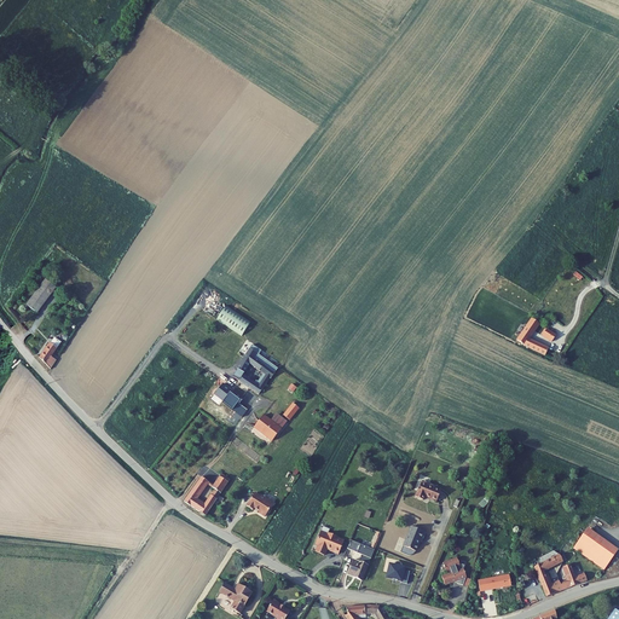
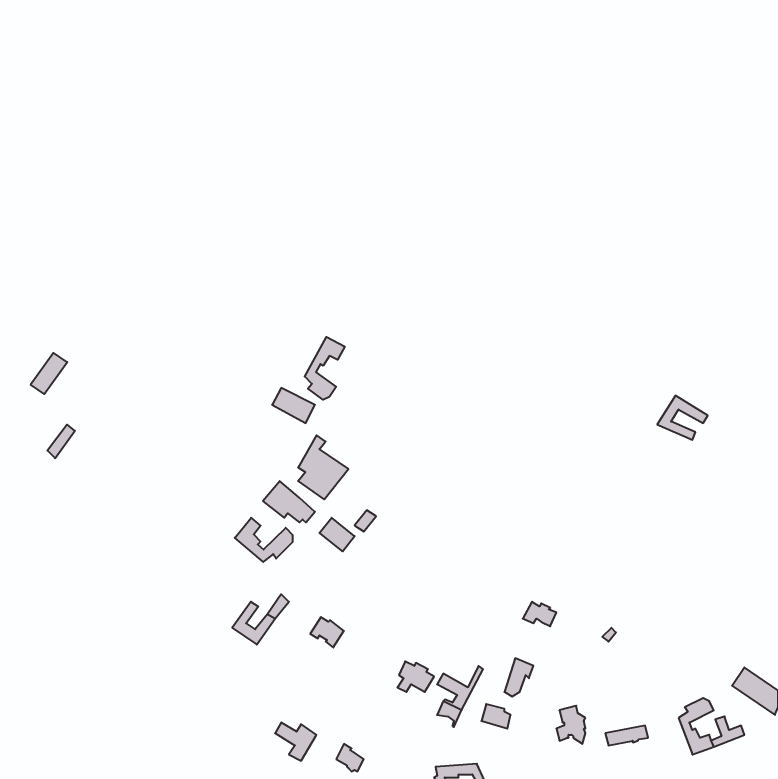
building: none -> [305,337,345,400]
building: none -> [235,518,293,562]

